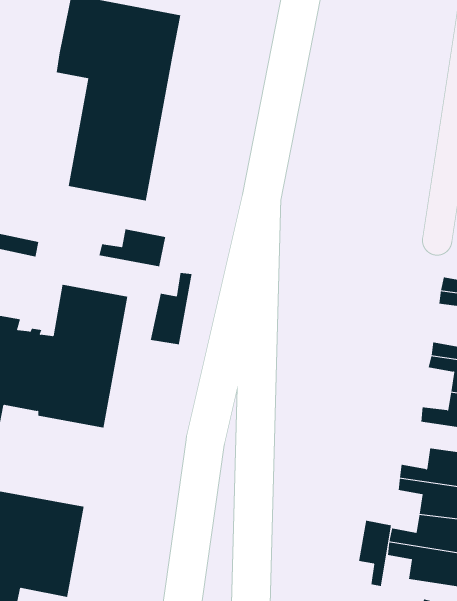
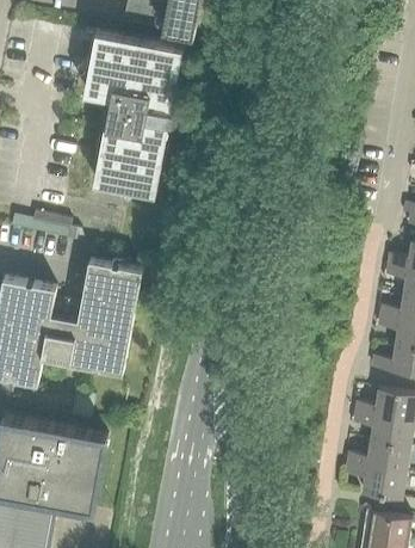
building: [99,228,166,267] -> none
building: [150,272,192,345] -> none
building: [358,520,391,587] -> none

